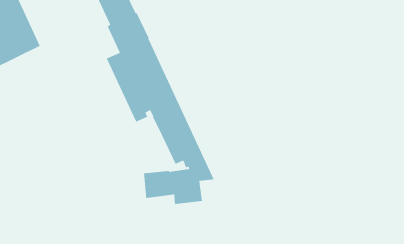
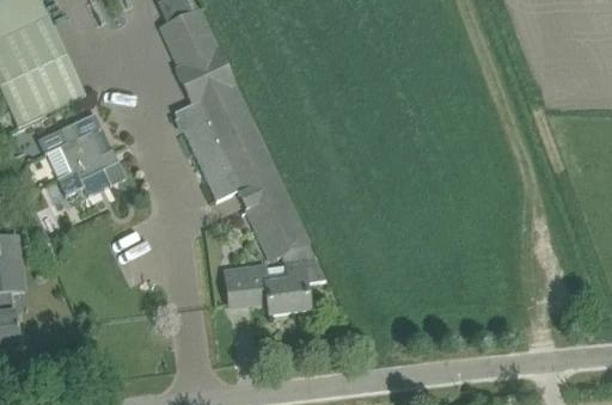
building: none -> [38,112,124,194]

